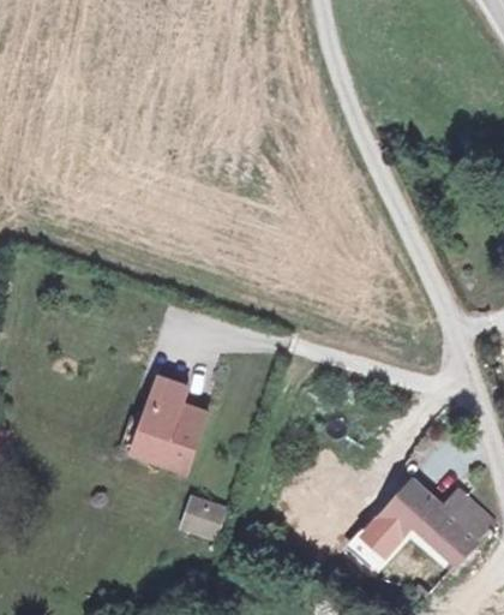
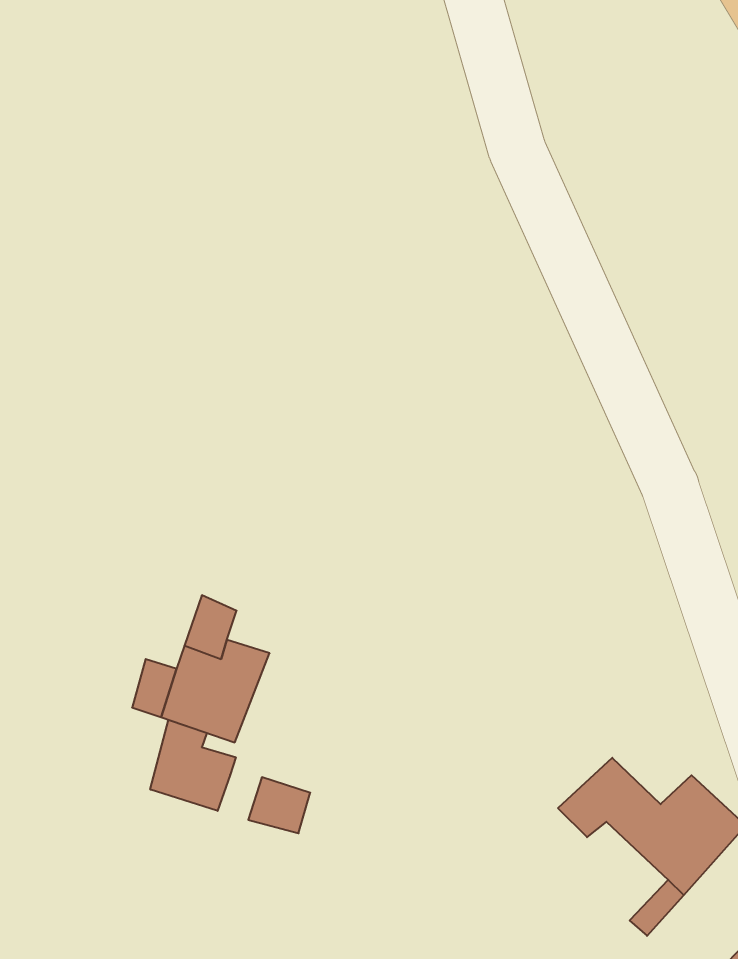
building: none -> [150,720,236,811]
building: [344,512,398,562] -> none

